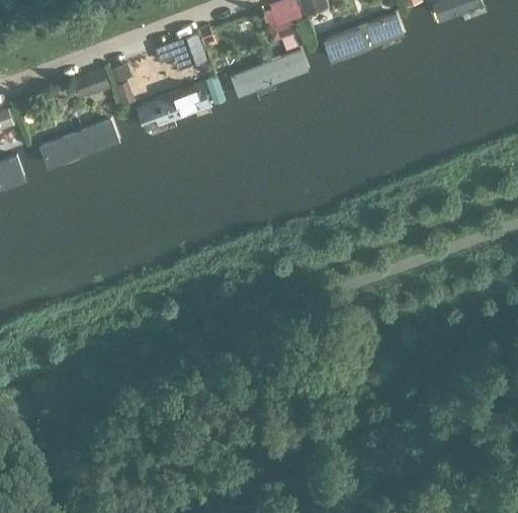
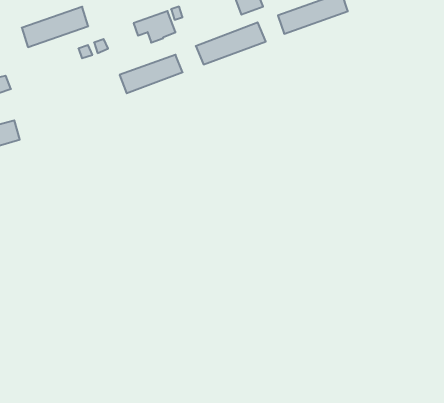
building: [41,121,118,168] -> [22,7,88,47]

